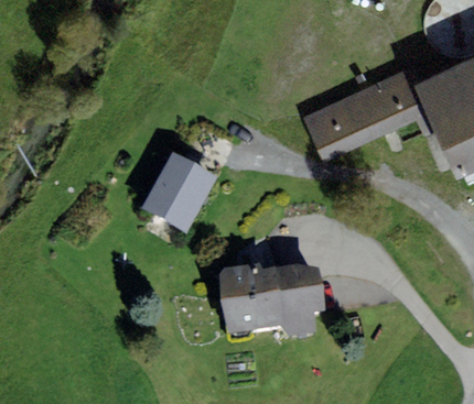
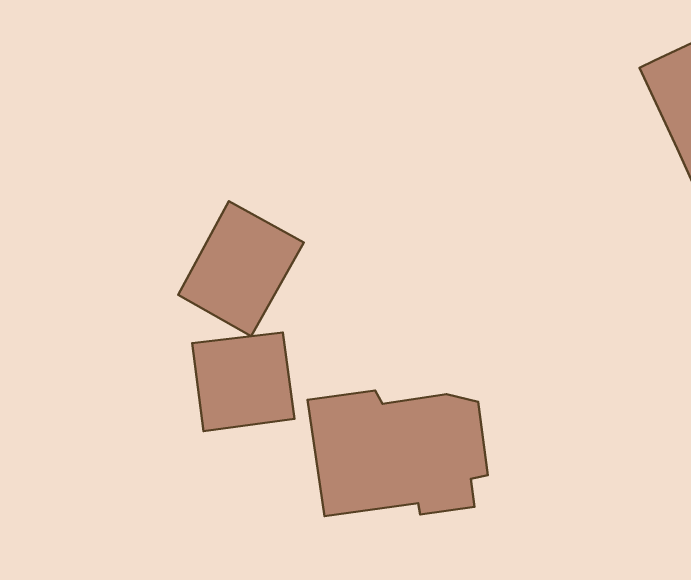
building: [303,57,437,155] -> none
building: none -> [192,332,295,431]

